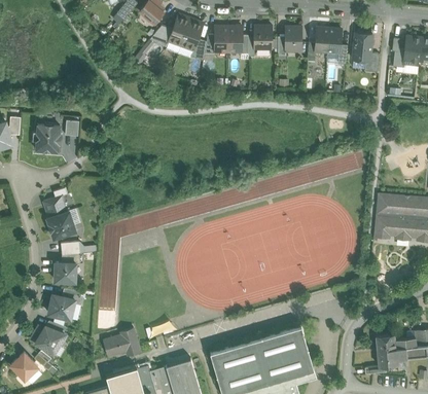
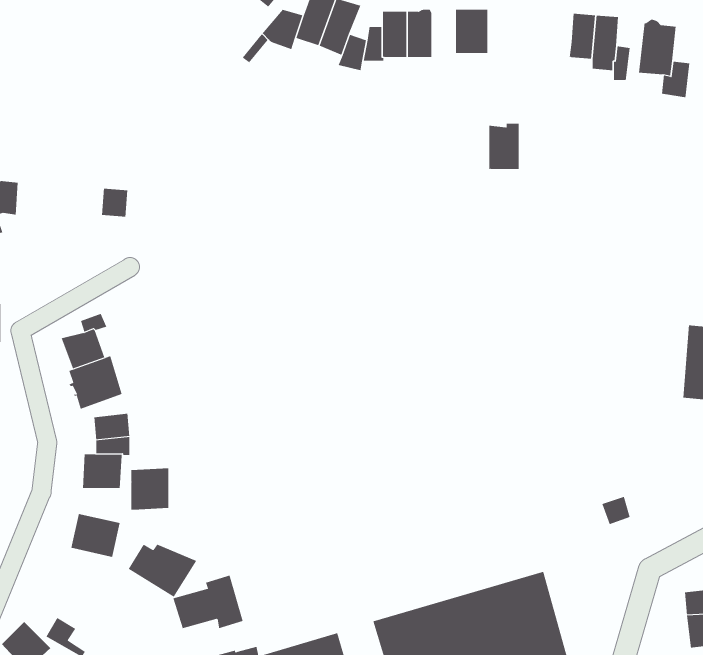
building: [284,27,300,51] -> [489,123,519,169]
building: [34,126,61,152] -> none
building: none -> [131,468,169,511]
building: [30,326,67,355] -> [128,544,197,598]

